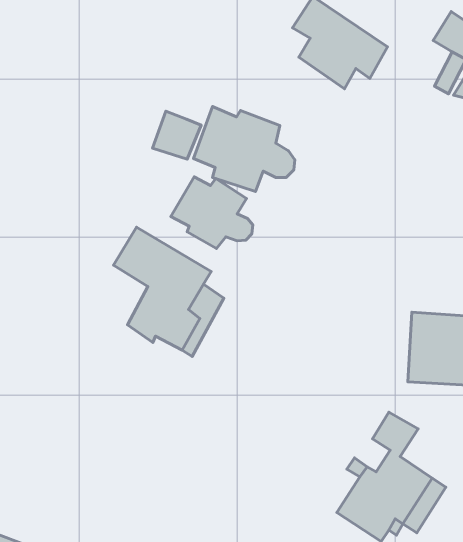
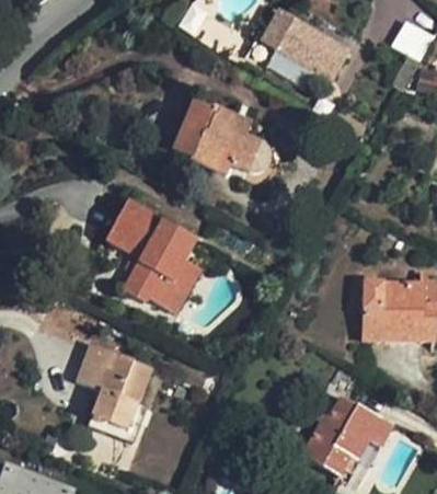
building: [152,111,201,159] -> none
building: [171,177,253,249] -> none
building: none -> [73,340,154,429]

